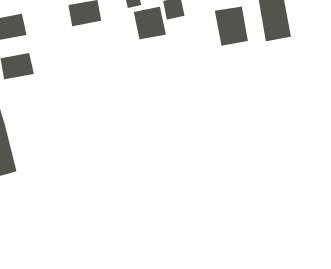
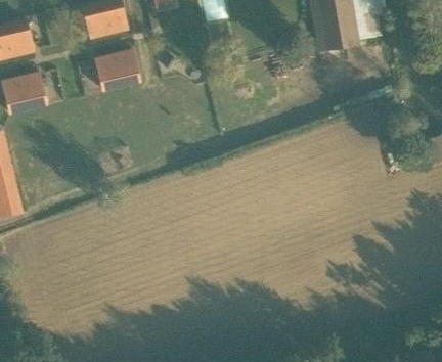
building: [133,6,167,40] -> none
building: [214,6,249,47] -> none
building: none -> [93,49,136,84]

